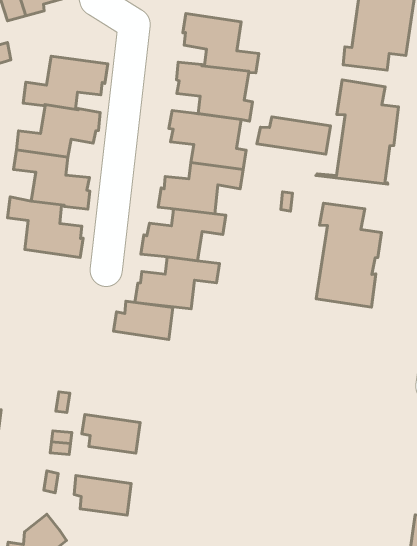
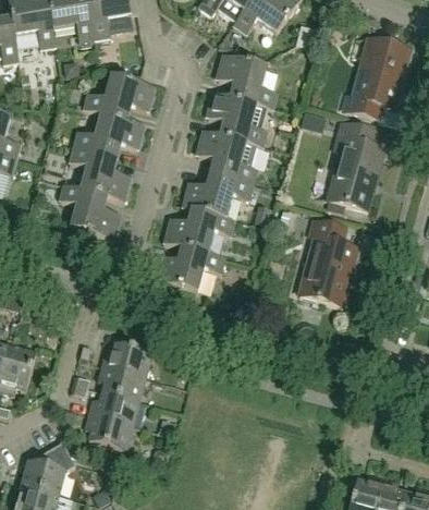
building: [257,117,331,154] -> none
building: [113,301,173,339] -> [102,341,152,376]
building: none -> [89,390,139,424]

